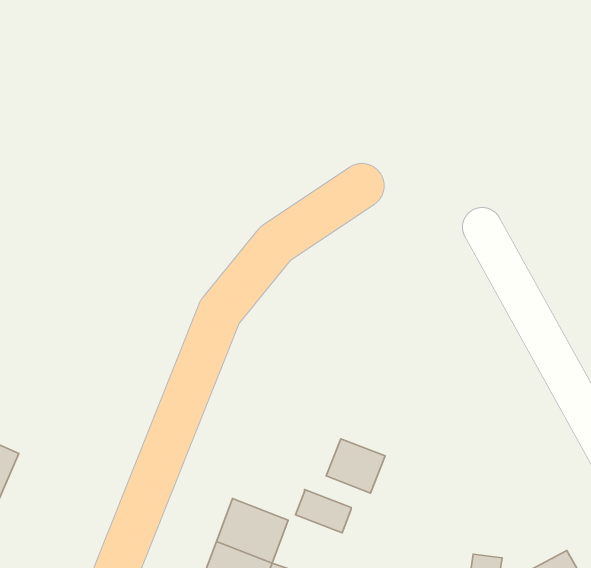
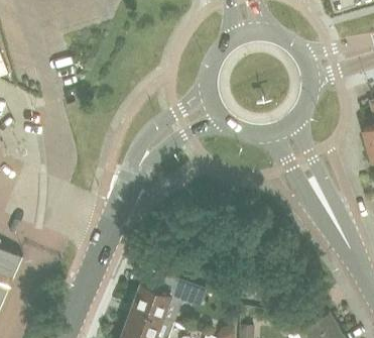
building: [326,439,385,493] -> none

